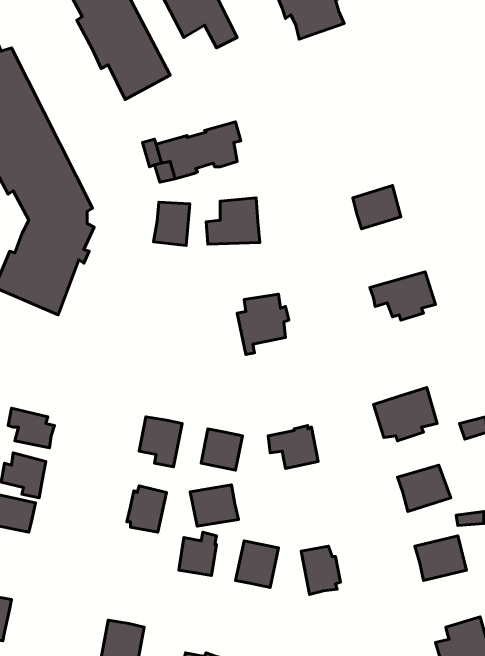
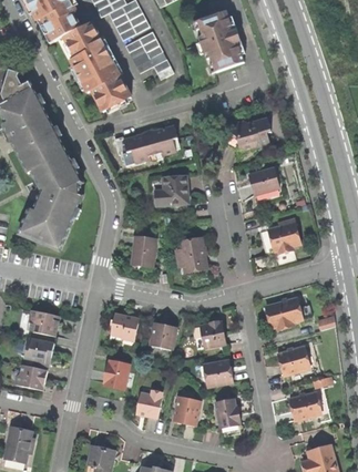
building: none -> [225,116,270,151]
building: [154,202,190,245] -> [131,236,154,264]
building: [190,485,238,526] -> [203,360,234,387]

